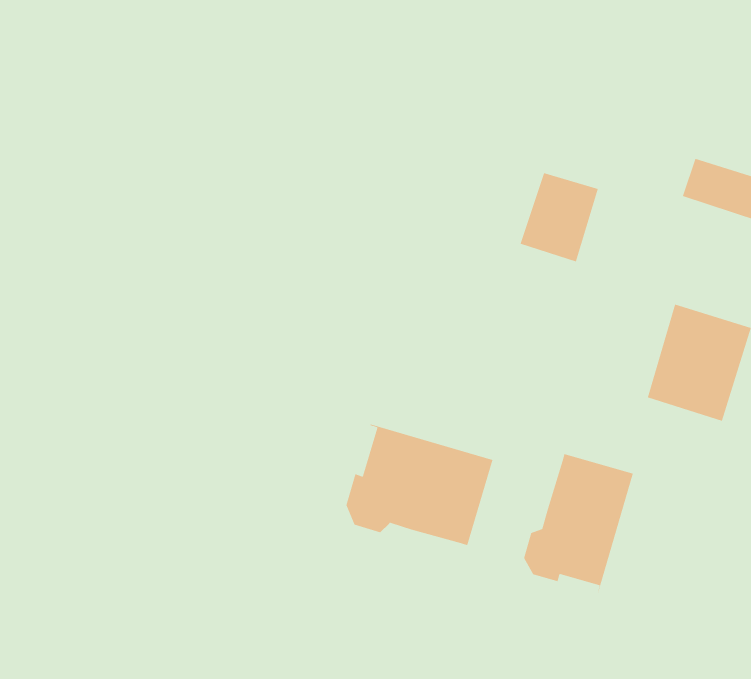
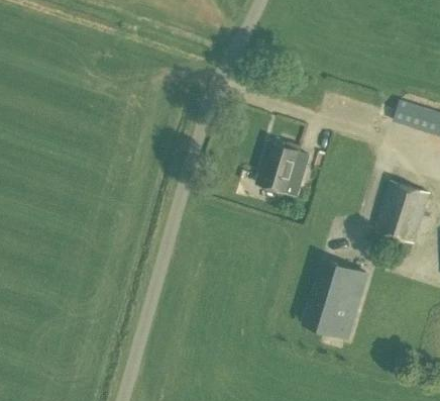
building: [519,172,599,262] -> [258,143,302,193]
building: [345,423,493,546] -> none

